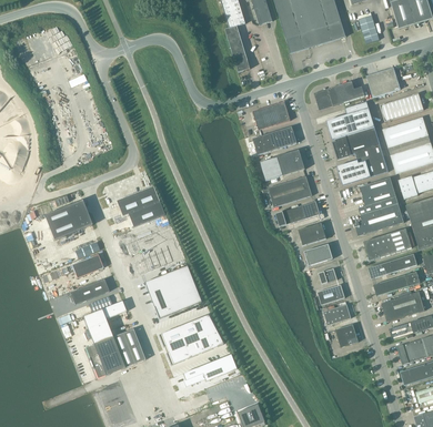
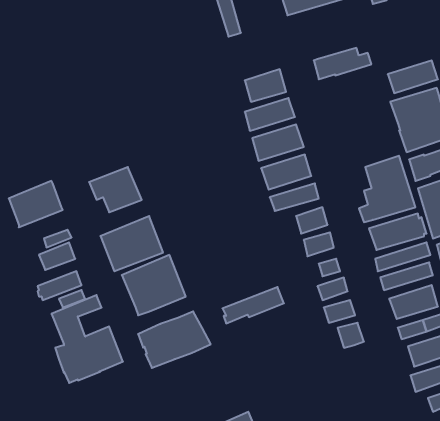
building: [366,67,400,96] -> none
building: [326,101,389,184] -> none
building: [182,354,236,386] -> [222,287,284,323]

